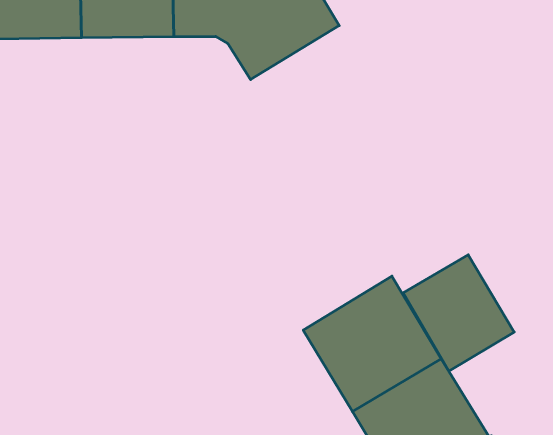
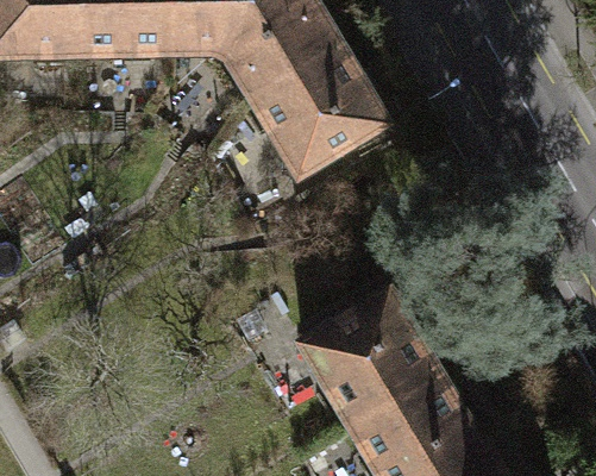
building: none -> [251,45,389,181]
building: [403,255,514,371] -> none

